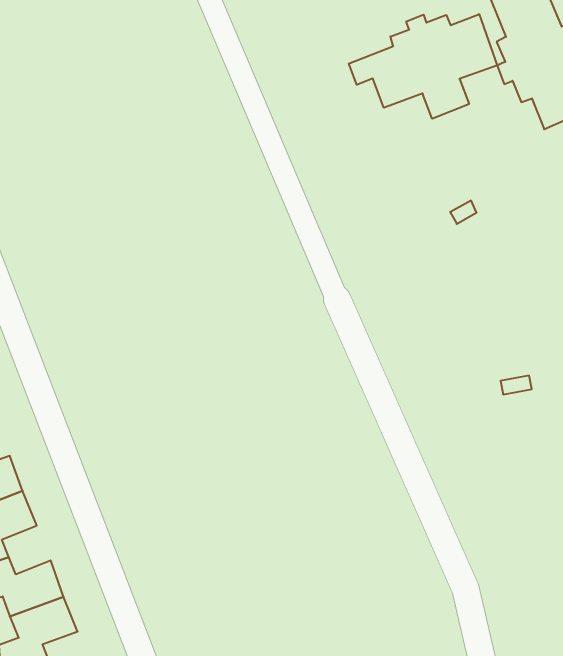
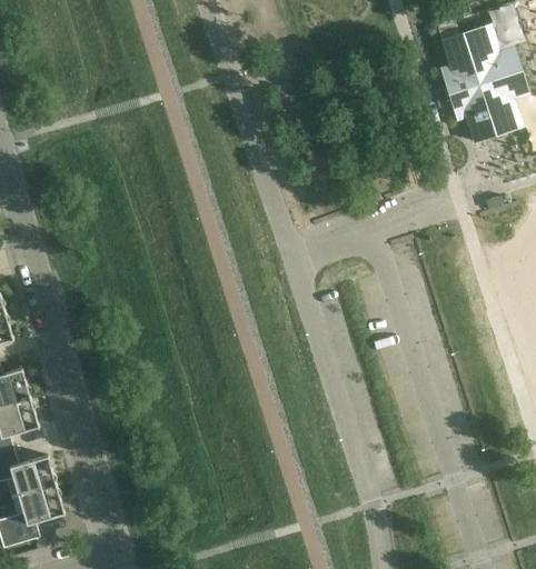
building: [349,14,497,119] -> none

